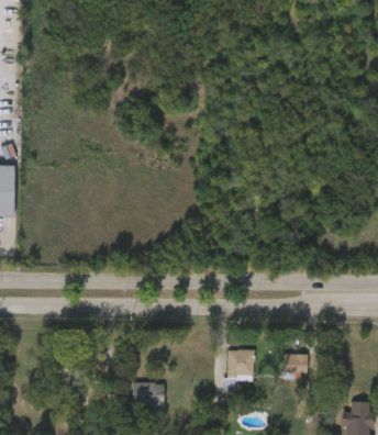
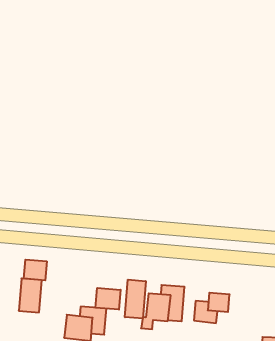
building: none -> [24,260,47,280]
building: none -> [125,280,146,319]
building: none -> [96,288,121,310]

